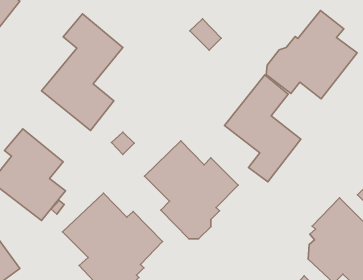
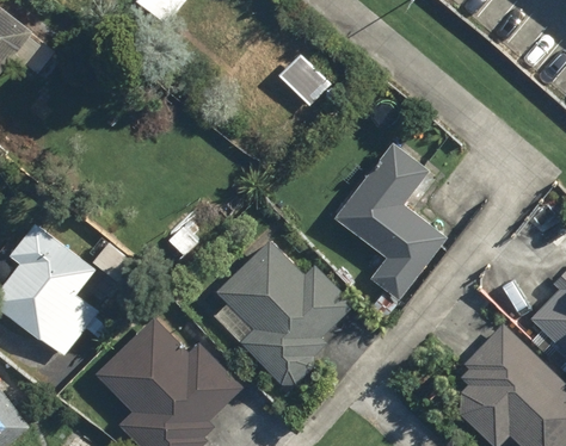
building: [266,11,357,99] -> none
building: [41,14,123,130] -> none

